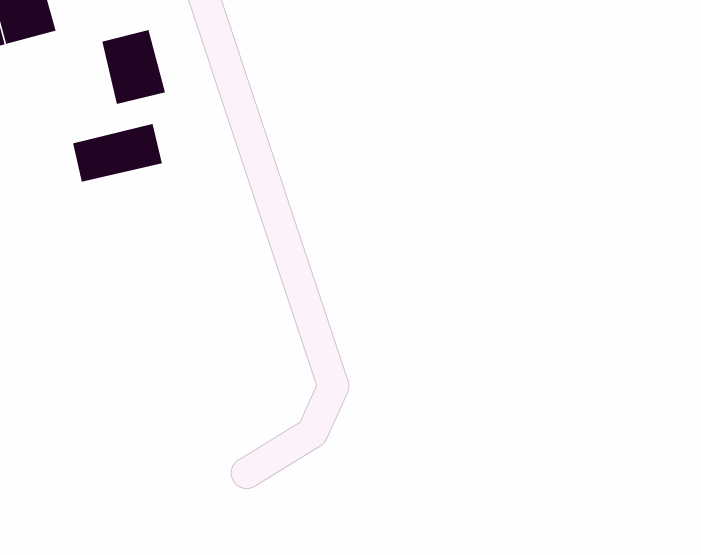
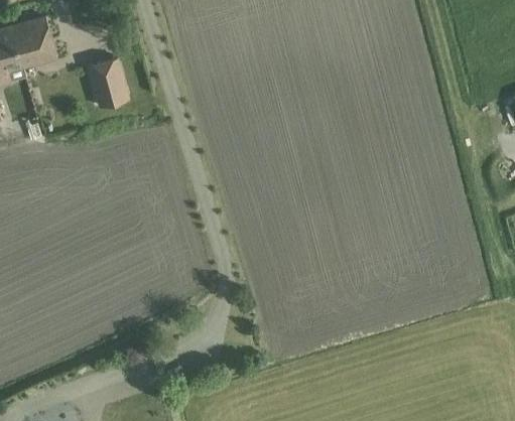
building: [72,123,163,183] -> none

